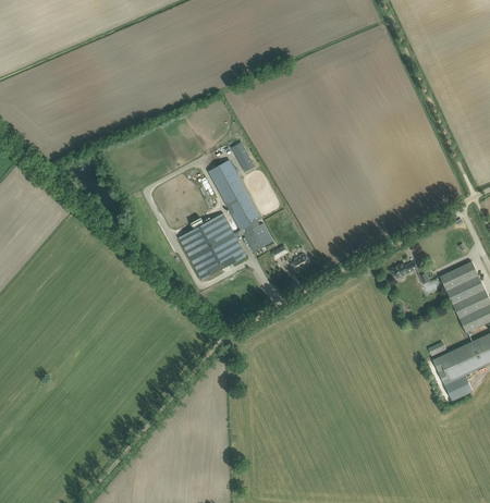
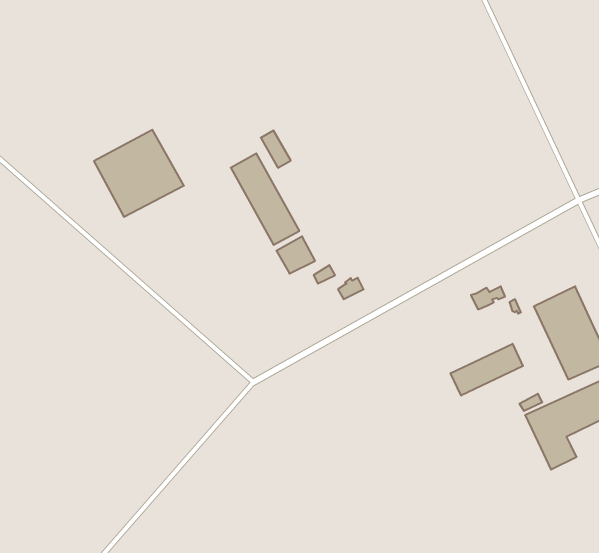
building: [177,212,246,279] -> [94,130,184,217]
building: none -> [451,344,523,396]

